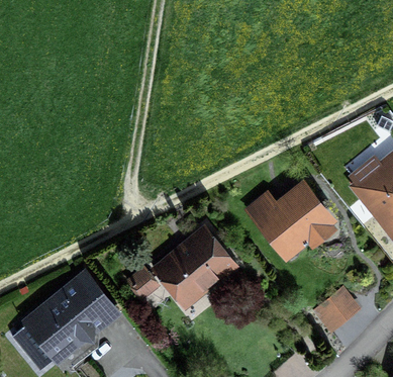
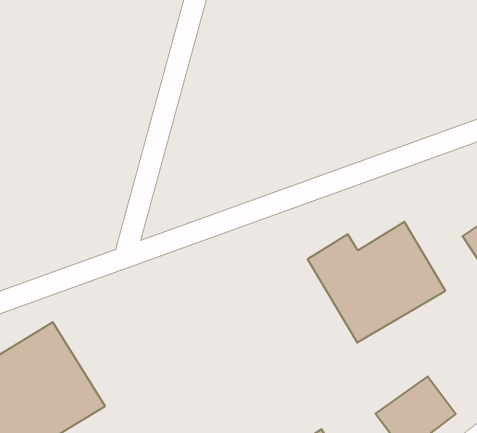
building: [126,223,243,312] -> none

